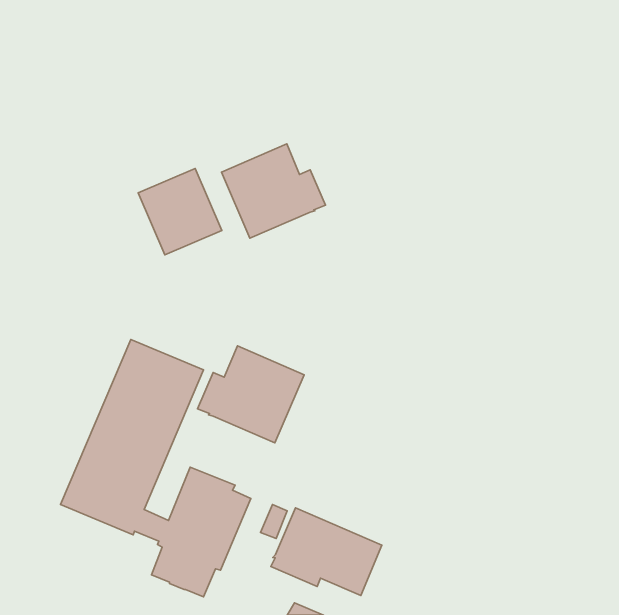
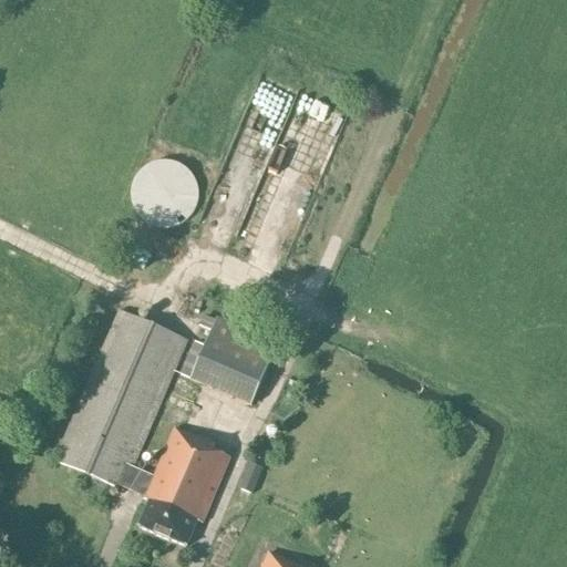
building: [222,144,326,238] -> none
building: [271,508,382,596] -> none

